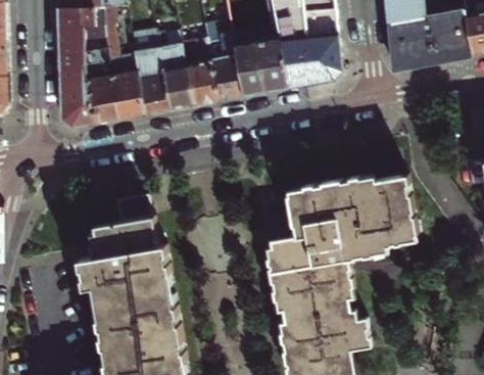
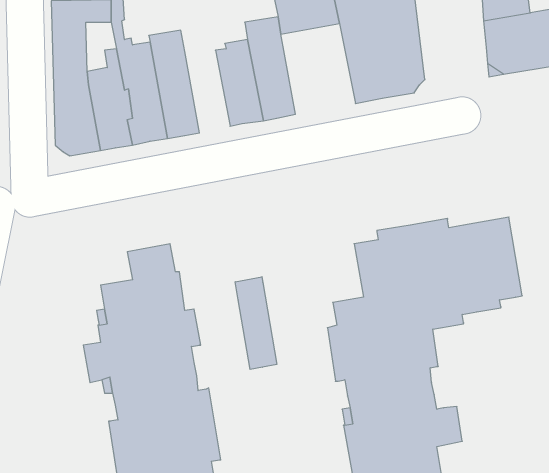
building: [231,29,288,98] -> none
building: [157,46,192,112] -> none
building: none -> [235,277,277,369]

